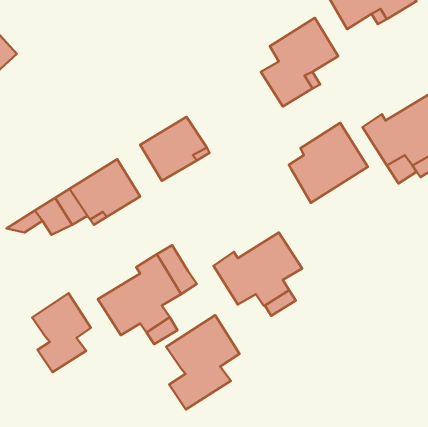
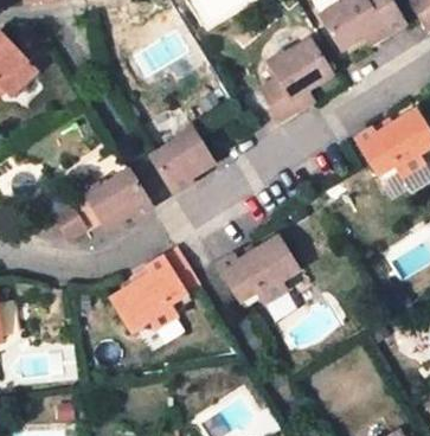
building: [289,123,368,203] -> none
building: [32,293,91,372] -> none
building: [166,315,239,409] -> none

